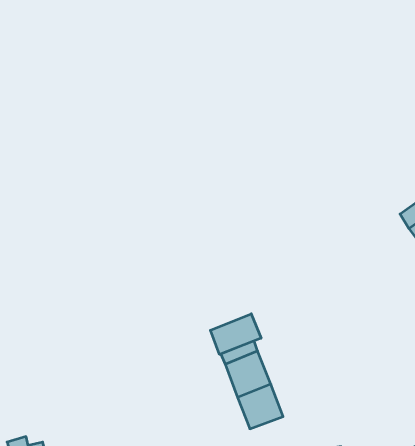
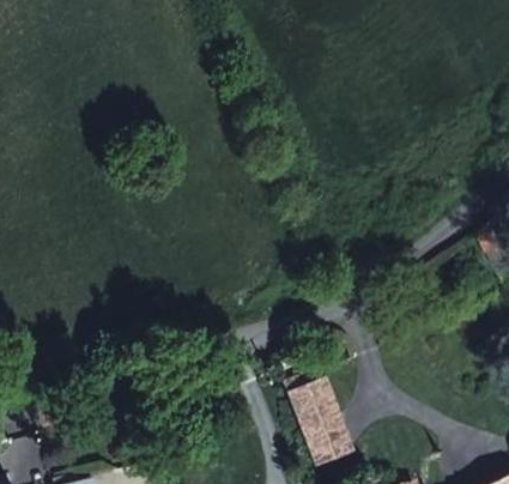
building: [210,314,261,354] -> none

